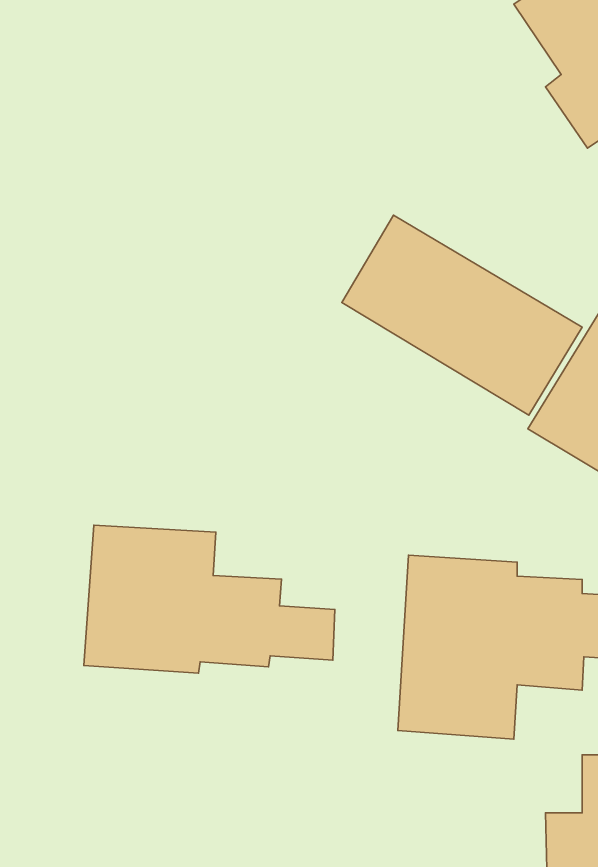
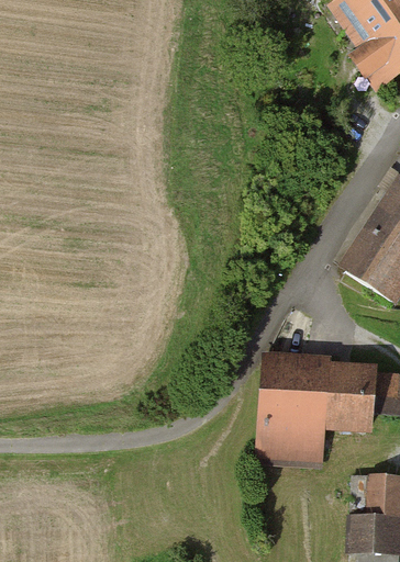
building: [342,215,582,415] -> none
building: [84,525,335,673] -> none

